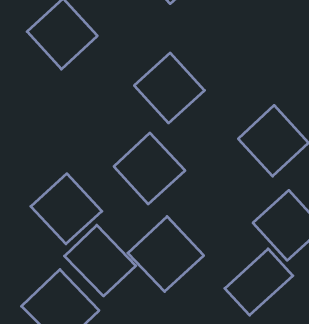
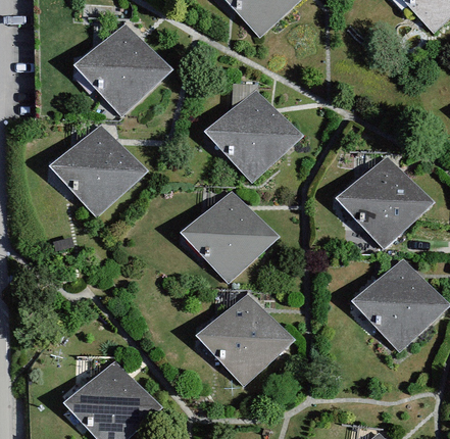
building: [31,174,102,244] -> [49,125,138,212]
building: [64,225,136,296] -> none
building: [225,249,293,315] -> none

